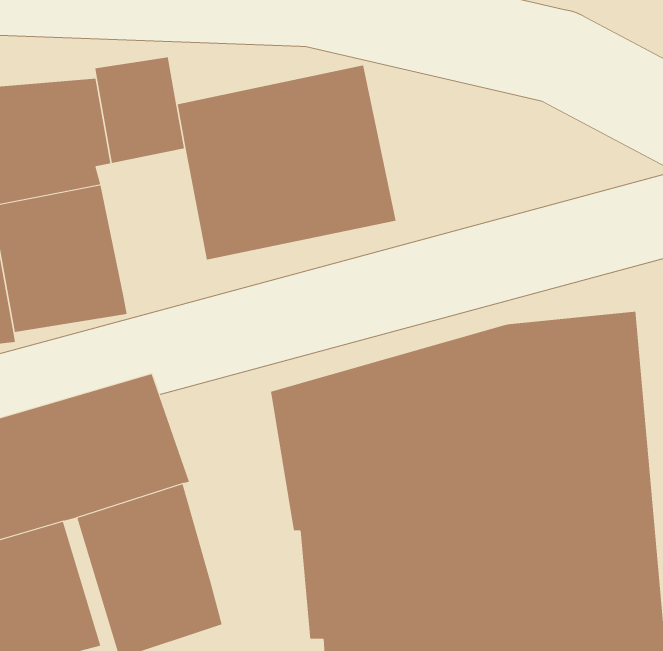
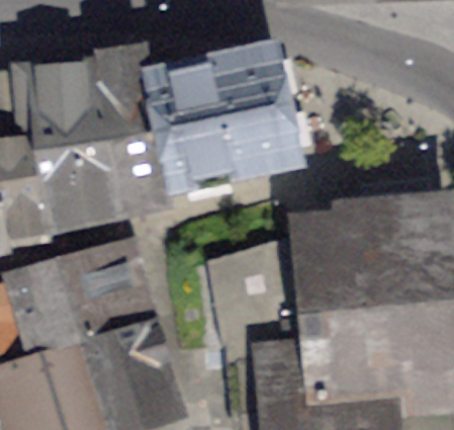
building: none -> [100,108,170,199]

